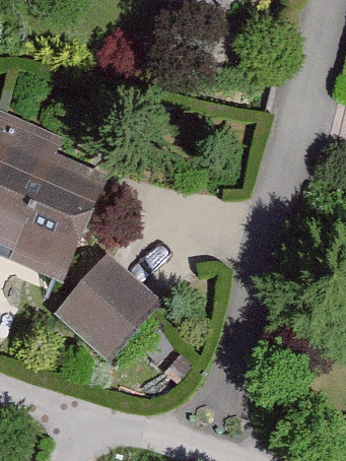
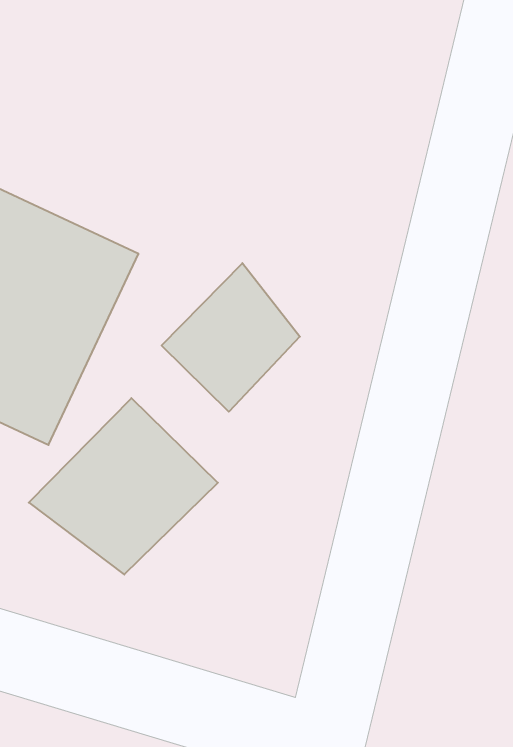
building: none -> [162,263,300,412]

